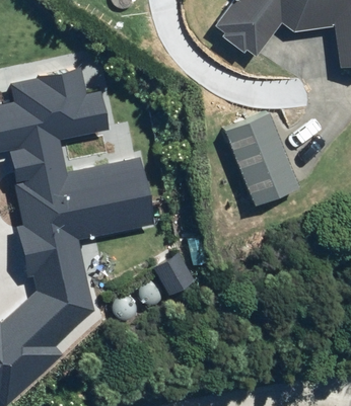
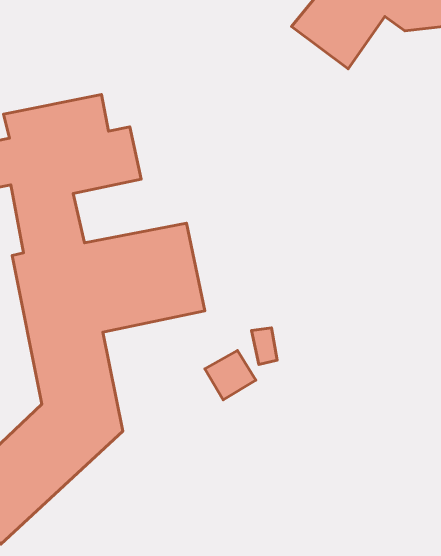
building: [223,111,297,202] -> none

